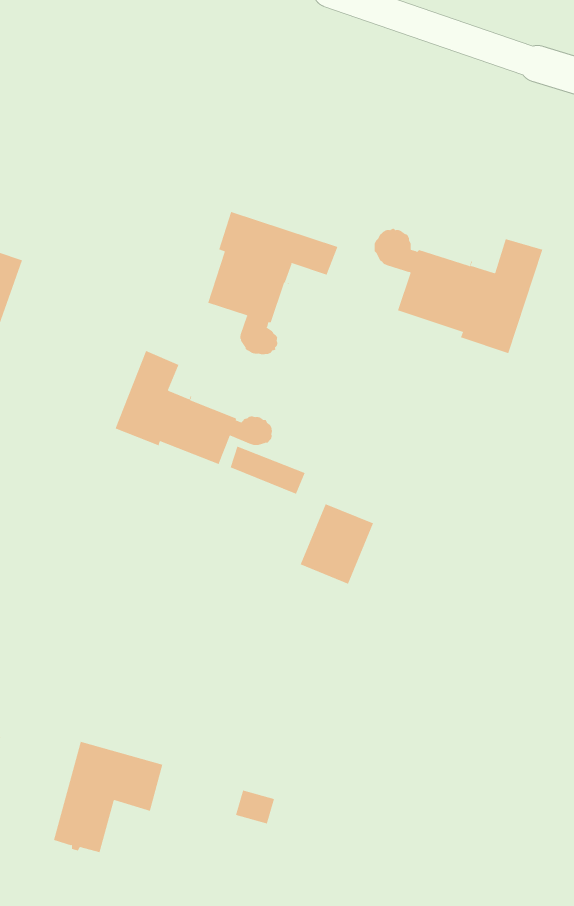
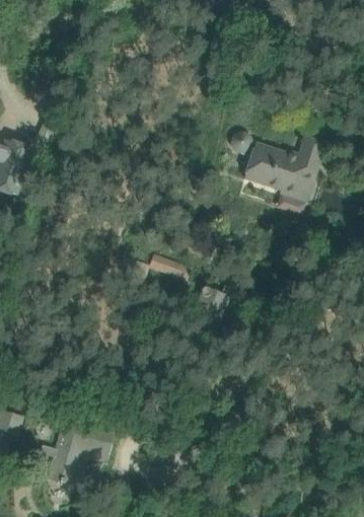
building: [208,211,338,355] -> none
building: [115,350,272,465] -> none

